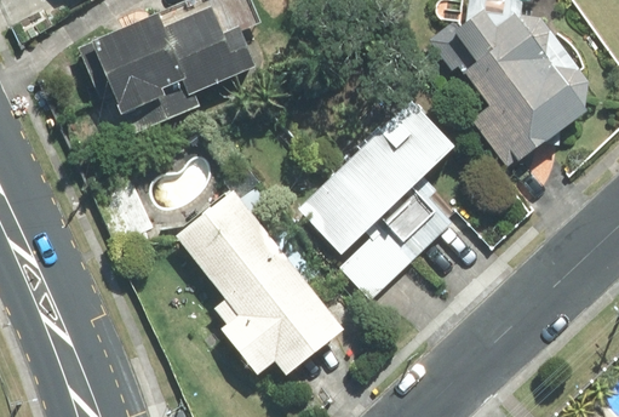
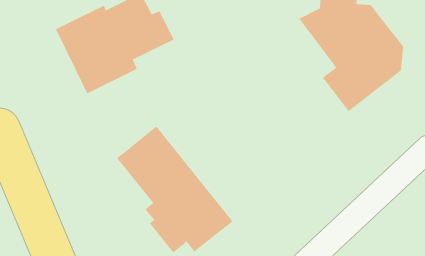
building: [297,96,457,302] -> none

